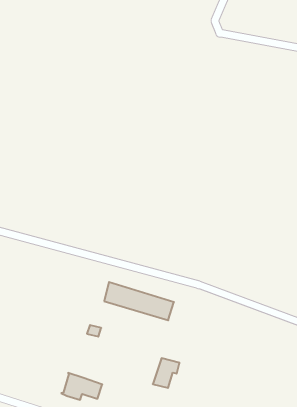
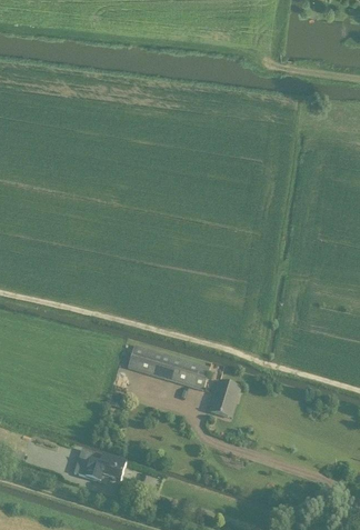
building: [153,358,180,388] -> [208,382,239,417]

